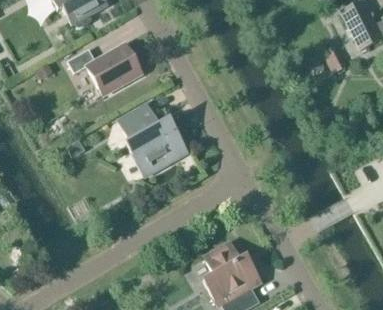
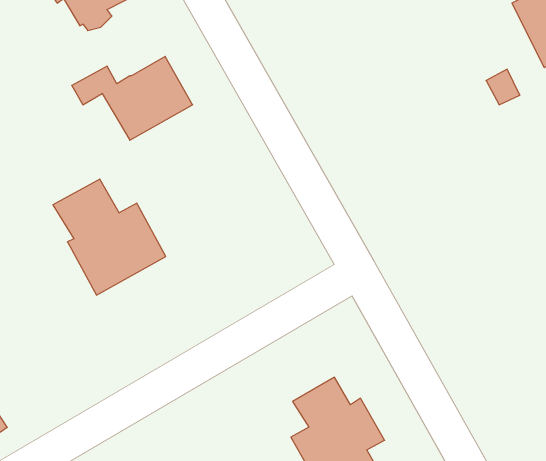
building: [117,104,187,176] -> [53,179,166,295]

